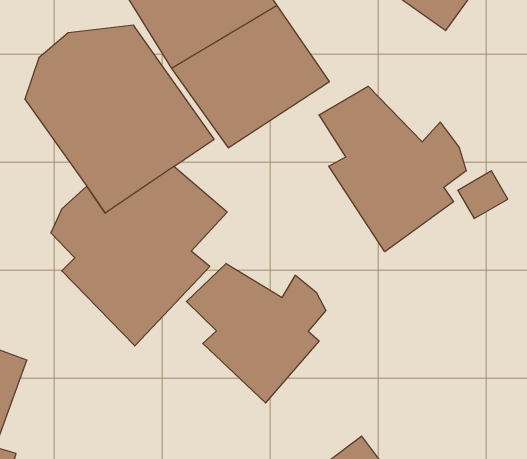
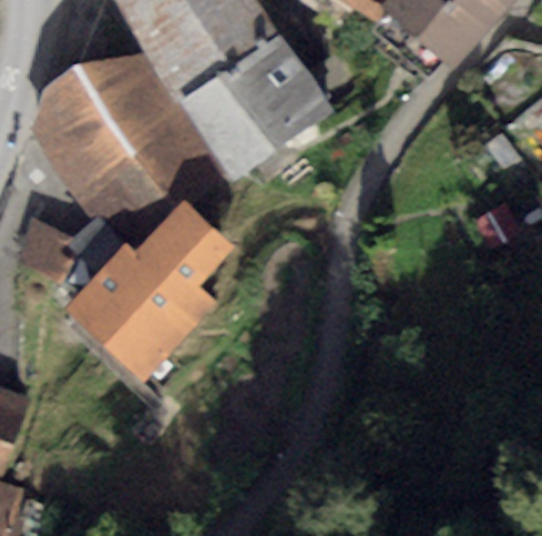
building: [319,86,466,252] -> none
building: [186,263,326,403] -> none

